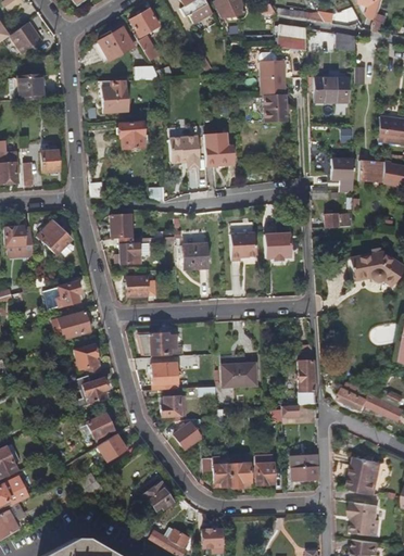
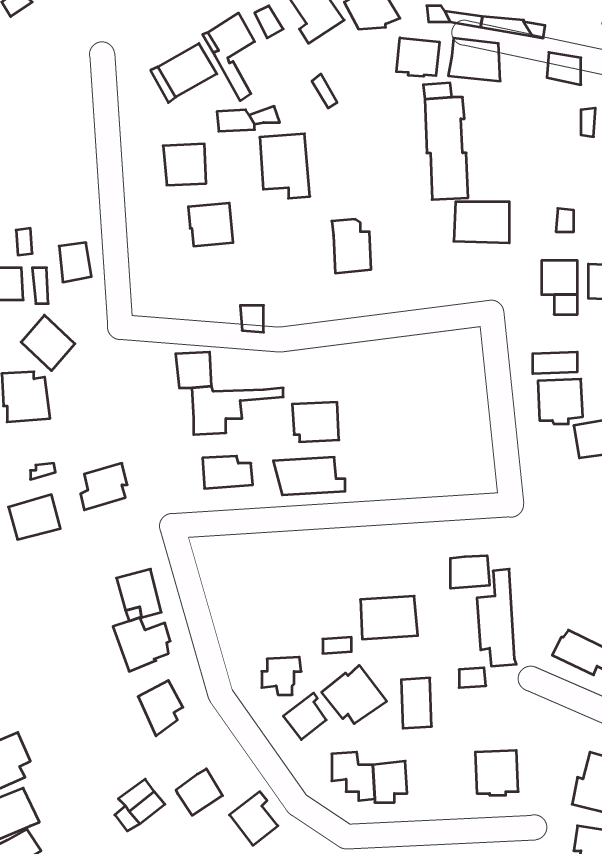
building: [9,23,40,53] -> none
building: none -> [396,38,439,76]
building: [9,75,41,99] -> none
building: [312,78,345,103] -> [454,202,509,243]
building: [169,127,200,166] -> [260,134,310,198]
building: [36,220,68,254] -> [21,315,75,371]
building: [229,232,254,260] -> none
building: [263,232,290,260] -> [538,379,583,424]
building: [58,312,89,339] -> [8,495,60,539]
building: [137,332,180,355] -> [273,457,345,495]
building: none -> [450,556,489,588]
building: [143,363,176,390] -> none
building: none -> [322,665,387,724]
building: [97,433,125,462] -> [176,769,223,815]
building: [253,454,272,484] -> [401,678,432,728]

